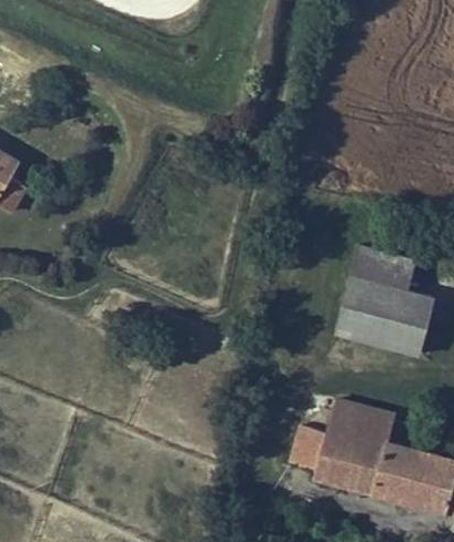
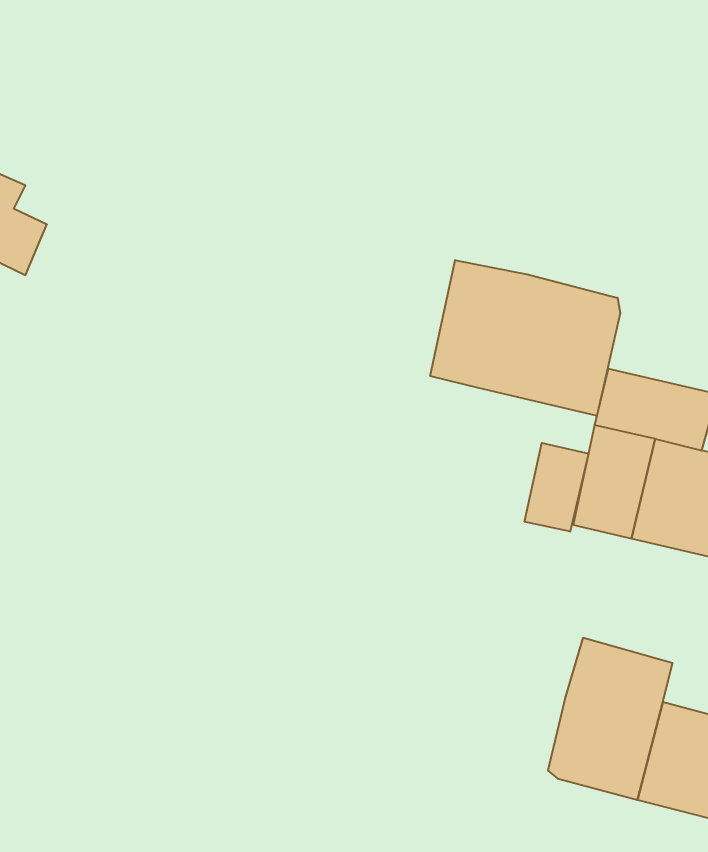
building: none -> [430,260,620,416]
building: none -> [525,443,589,532]
building: [294,430,327,478] -> none

